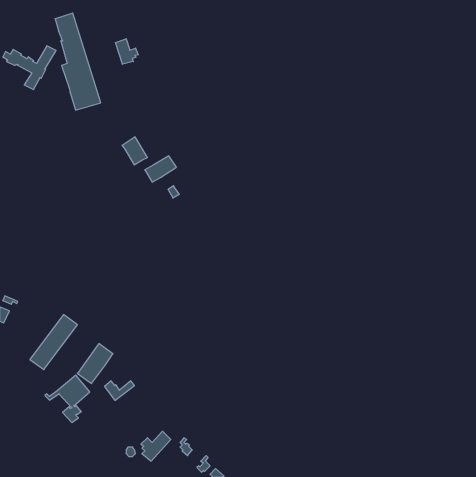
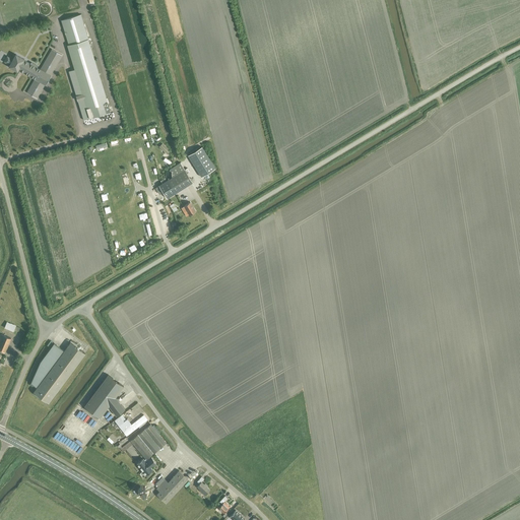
building: [116,39,138,64] -> none
building: [122,137,147,165] -> [187,146,214,177]
building: [45,375,90,423] -> [116,424,165,475]

